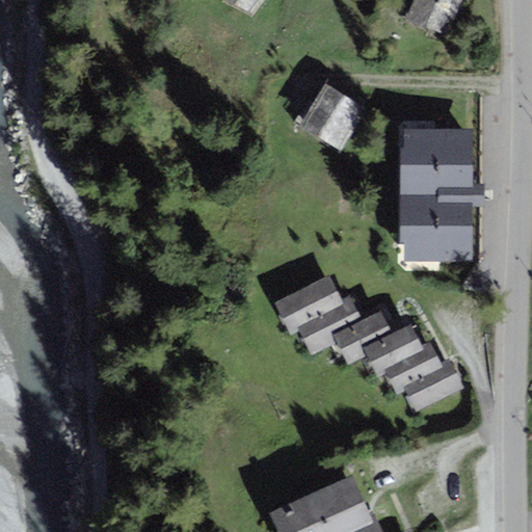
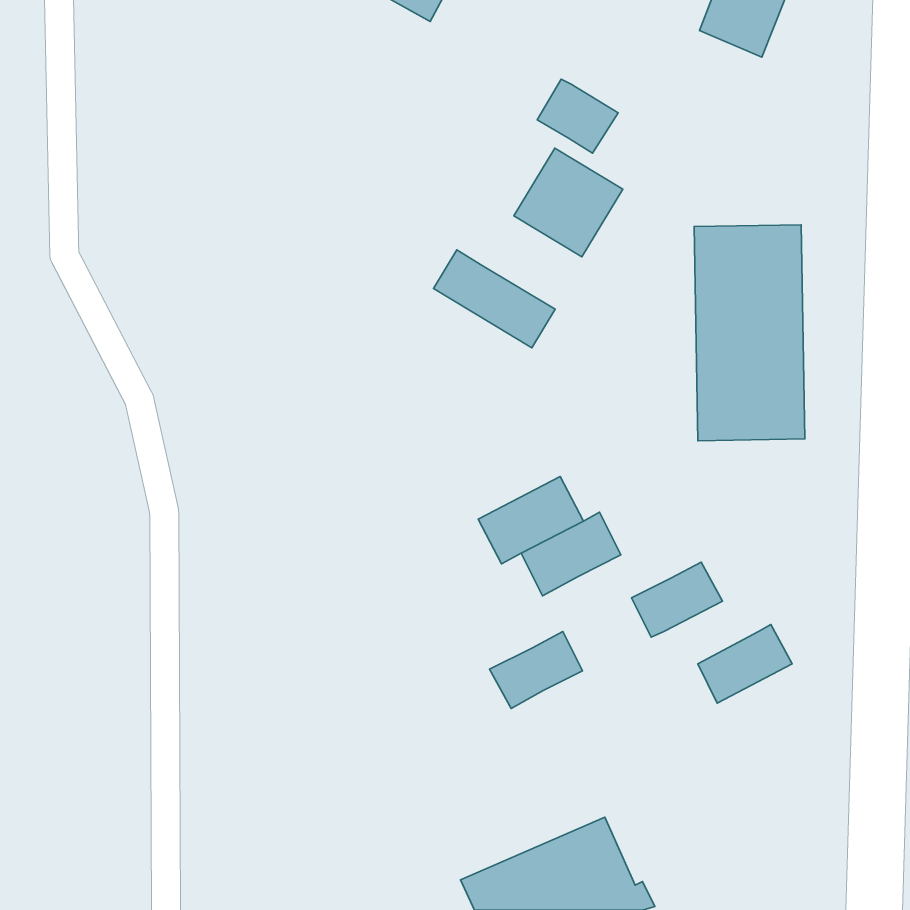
building: none -> [537,79,618,153]
building: none -> [434,250,555,348]
building: [337,314,391,358] -> [490,632,582,708]
building: [387,345,442,391] -> none

